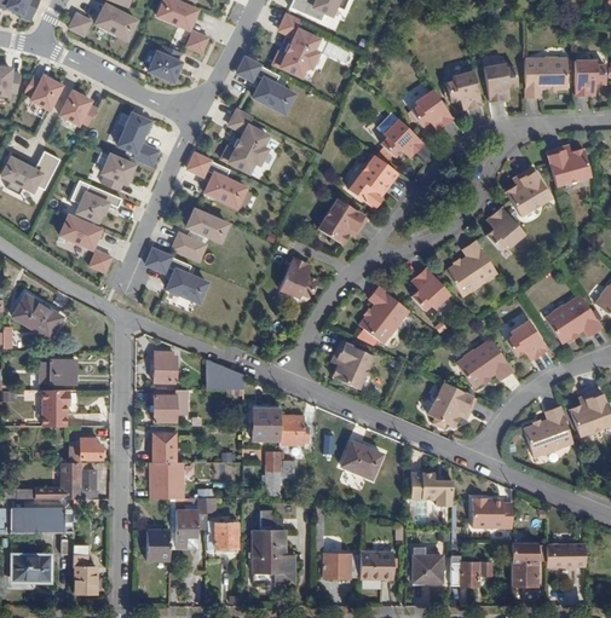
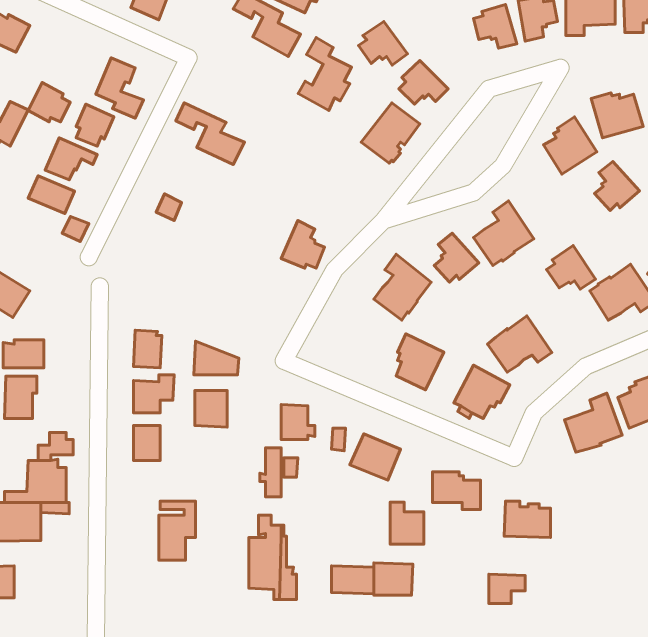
building: [411,88,454,126] -> [359,22,408,65]
building: [62,92,98,126] -> [28,82,70,122]
building: [221,109,267,172] -> [298,38,351,110]
building: [317,196,367,242] -> none
building: [486,206,525,248] -> [595,161,640,210]
building: [186,208,226,239] -> none
building: [148,249,207,301] -> none
building: [506,318,548,356] -> [547,246,596,289]
building: [333,339,374,387] -> [396,334,444,390]
building: [252,408,279,439] -> [195,391,227,427]
building: [150,462,183,497] -> none
building: [207,520,238,547] -> none
building: [148,529,169,560] -> none
building: [511,543,537,585] -> none
building: [551,543,584,566] -> none
building: [413,545,442,582] -> [390,502,424,544]
building: [74,553,97,593] -> none

